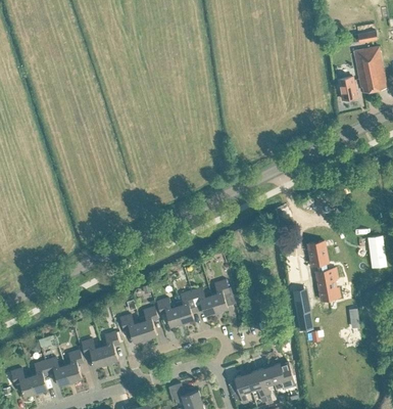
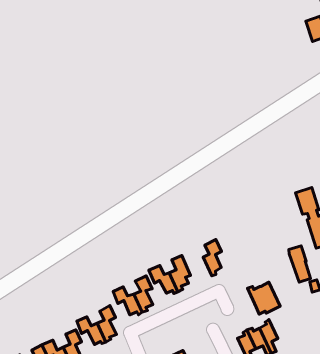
building: [190,288,216,316] -> none
building: [266,361,296,391] -> [247,282,280,314]

